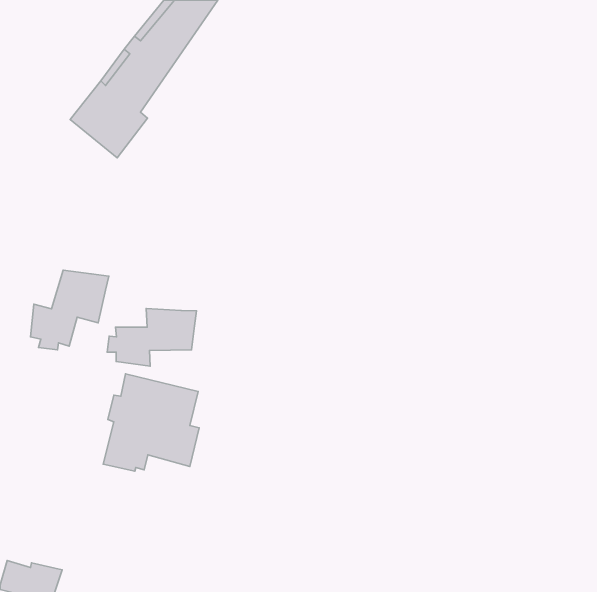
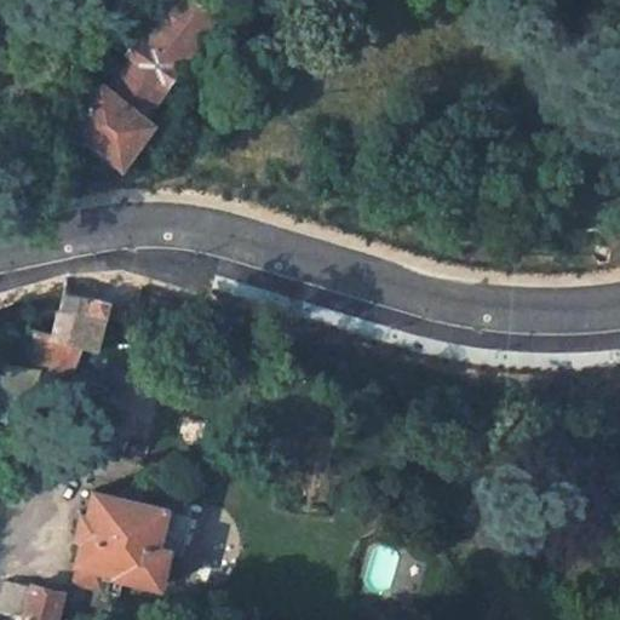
building: [107,308,196,366] -> none
building: [103,374,199,471] -> [71,495,171,596]

